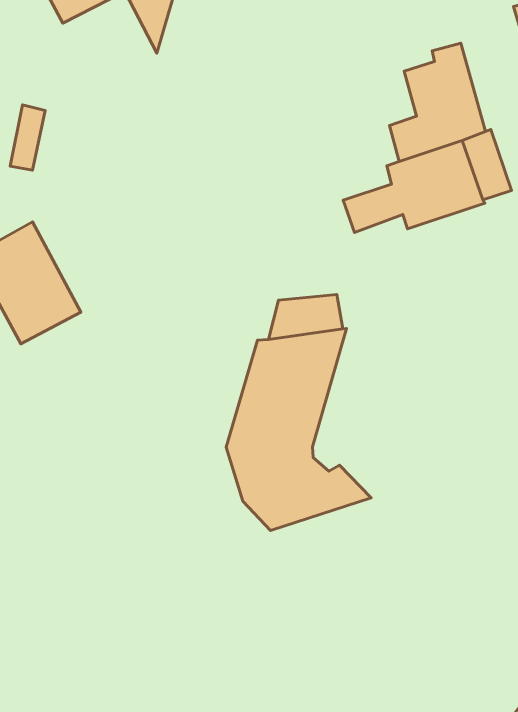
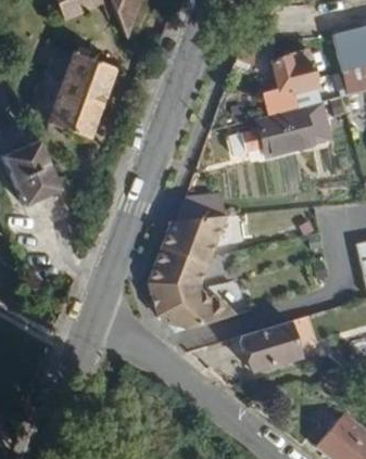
building: none -> [47,51,121,160]
building: none -> [241,317,300,368]

